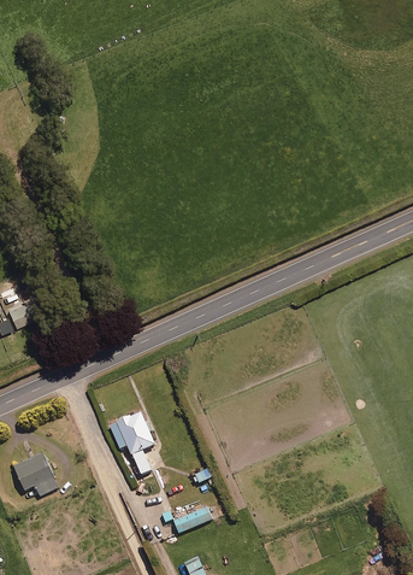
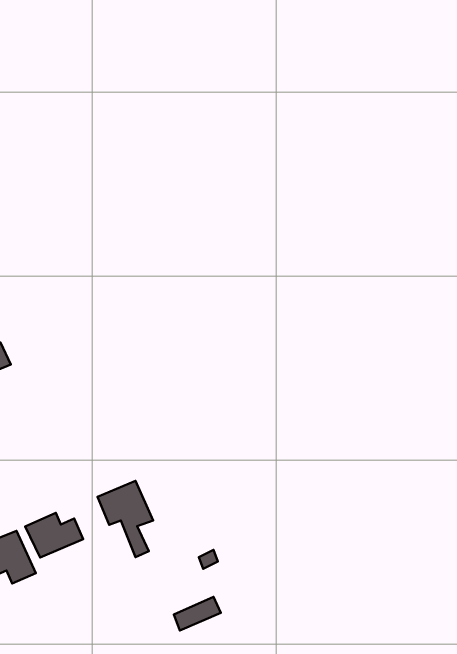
building: none -> [25,513,83,558]

